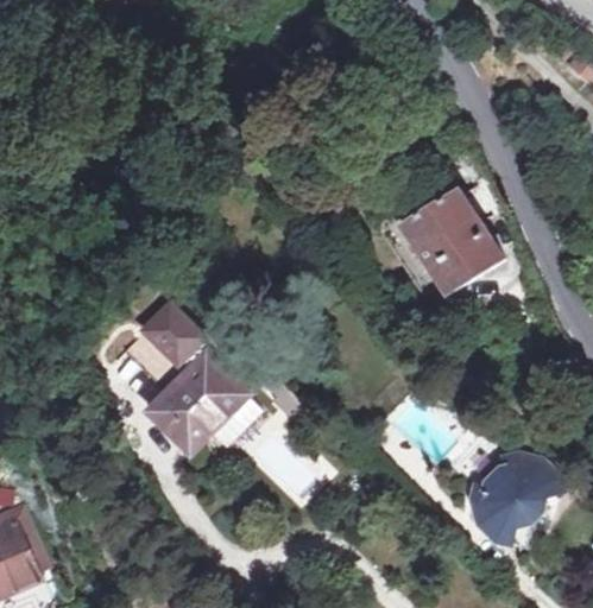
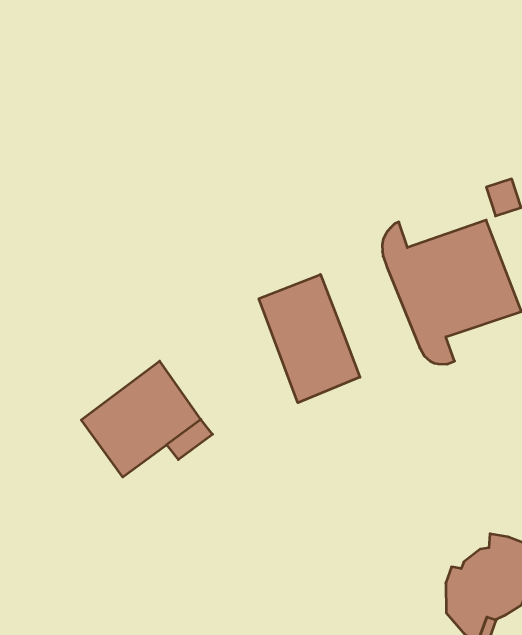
building: none -> [259,274,360,403]
building: [124,300,208,384] -> none

